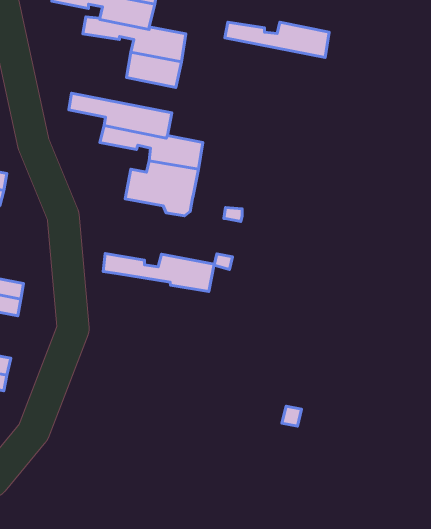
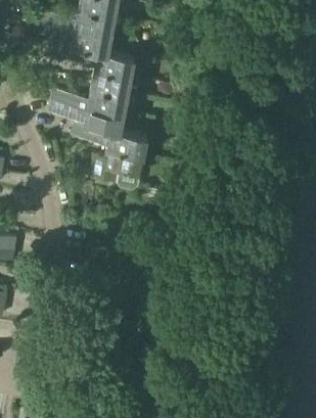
building: [225,22,329,57] -> [52,90,128,115]
building: [103,253,214,292] -> none

